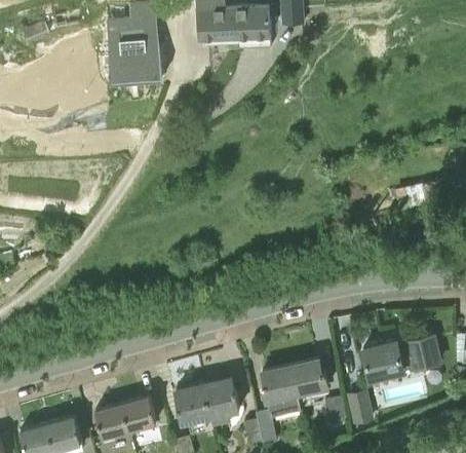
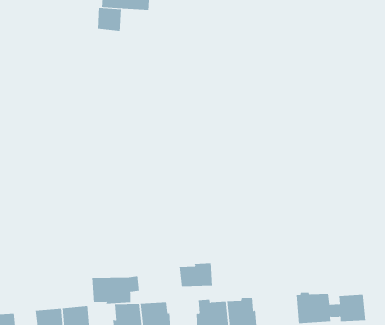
building: none -> [98,7,122,32]
building: none -> [179,262,213,287]
building: none -> [92,275,140,305]

